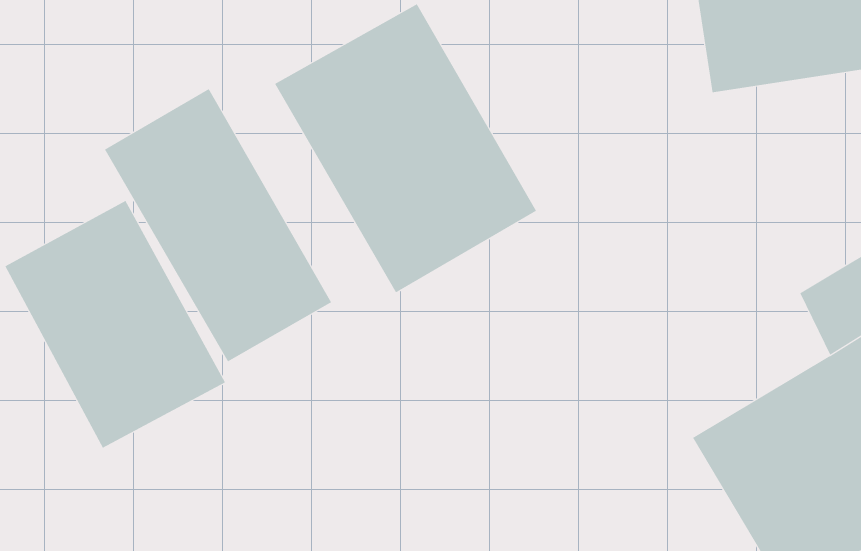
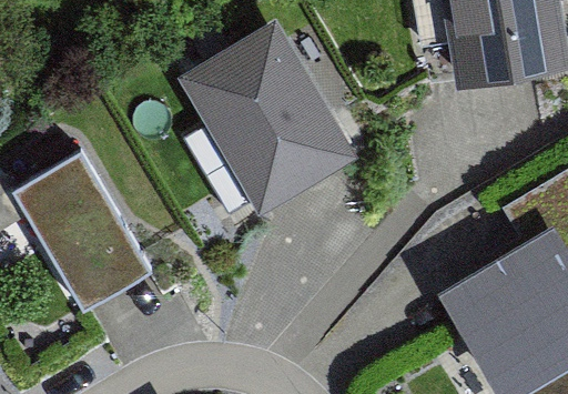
building: [104,88,332,362] -> none

